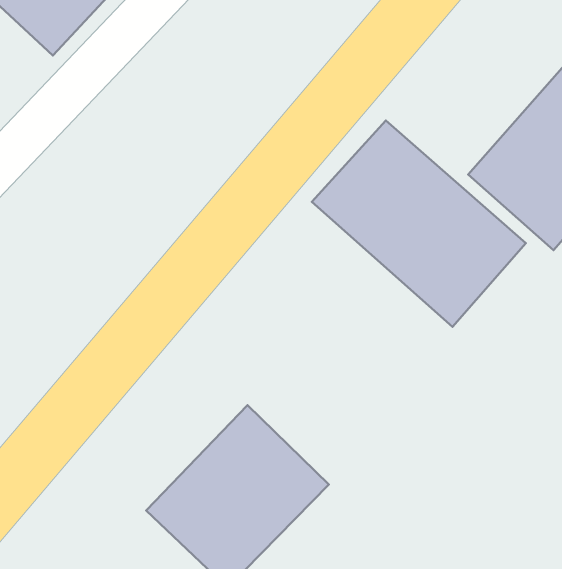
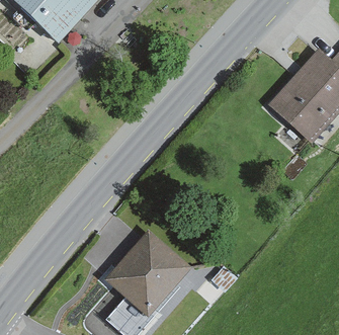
building: [312,120,526,327] -> none

